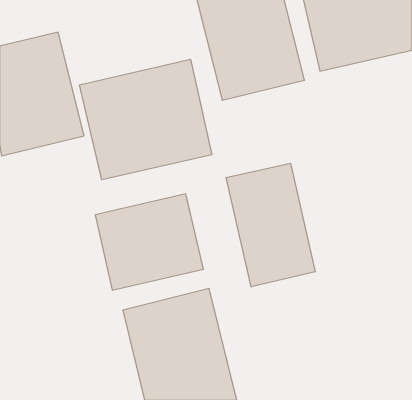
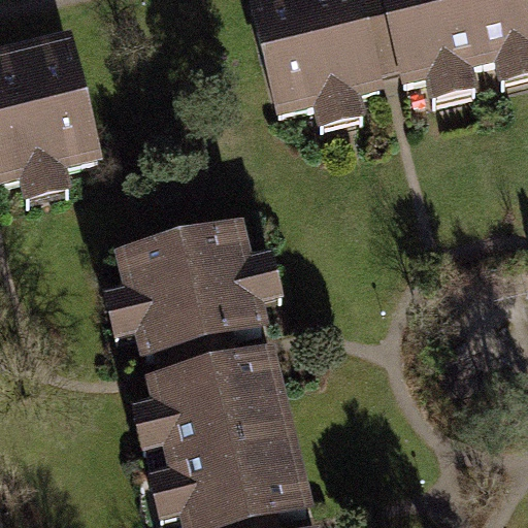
building: [79,59,212,180] -> none
building: [226,163,315,287] -> none

